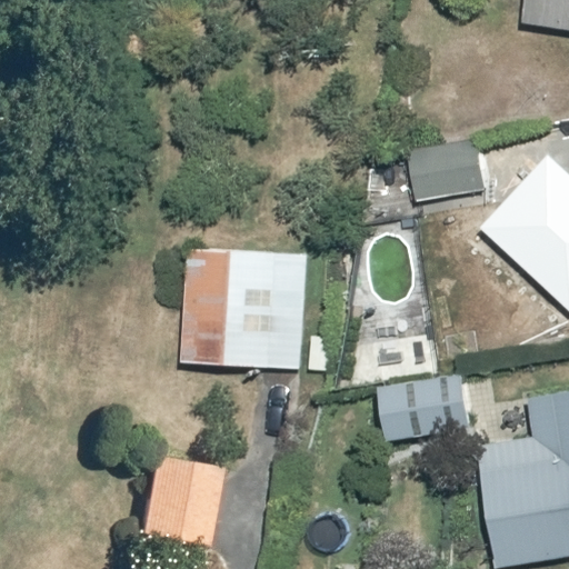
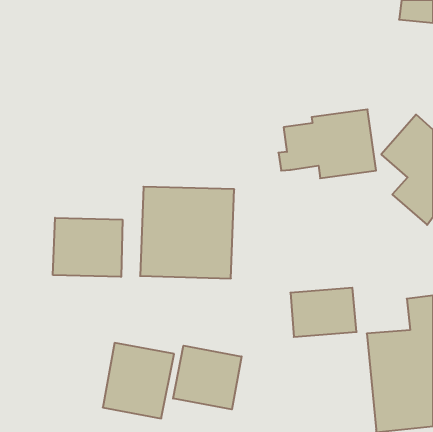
building: none -> [53,218,122,277]
building: none -> [173,346,242,409]

